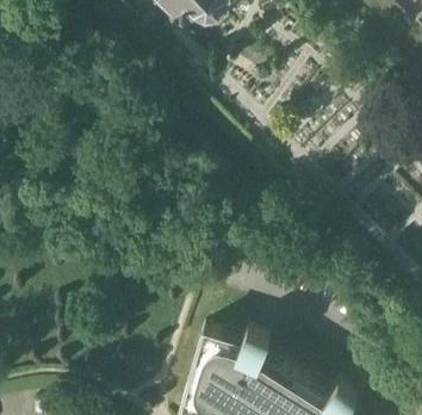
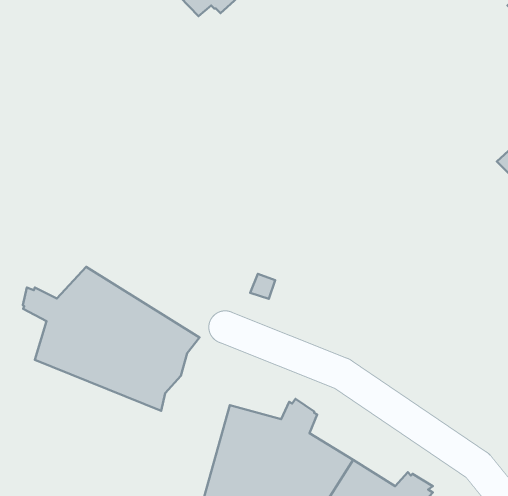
building: none -> [23,267,199,411]

